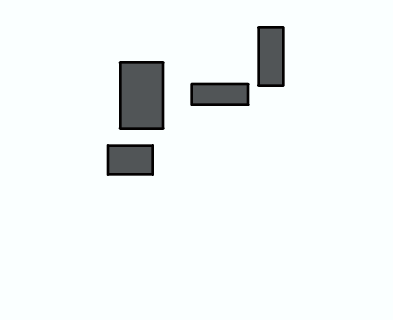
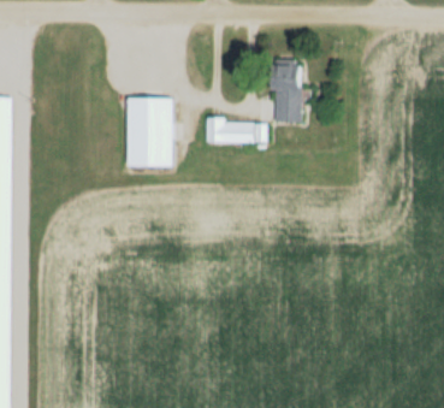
building: [108,145,153,175] -> none

